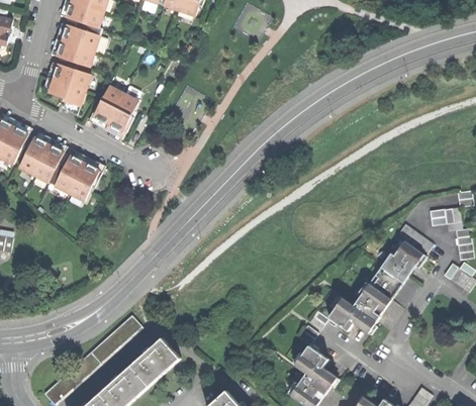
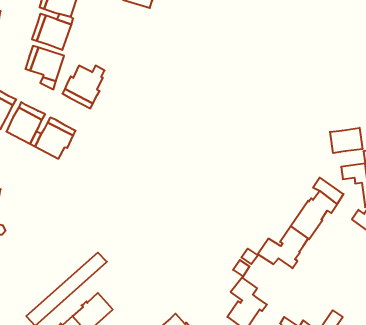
building: none -> [330,128,363,153]
building: [131,338,180,386] -> none

